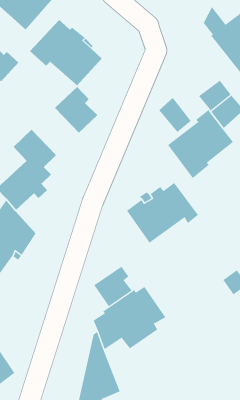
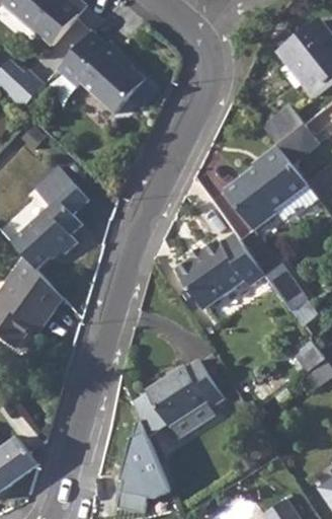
building: [54,86,98,134] -> none
building: [159,97,192,133] -> none
building: none -> [264,261,308,311]
building: [94,266,132,307] -> none

